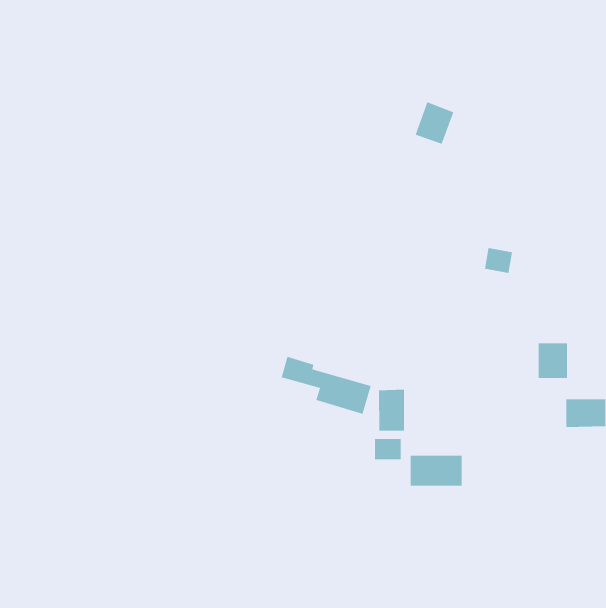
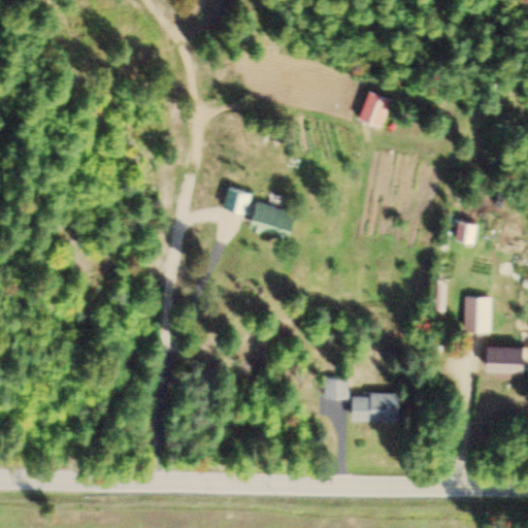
building: [484,247,513,274] -> [455,221,480,243]
building: [281,356,372,415] -> [223,189,301,239]
building: [378,389,404,431] -> none

